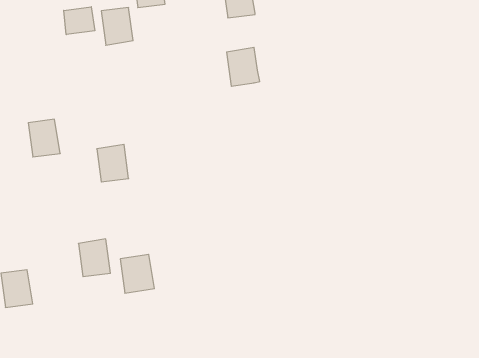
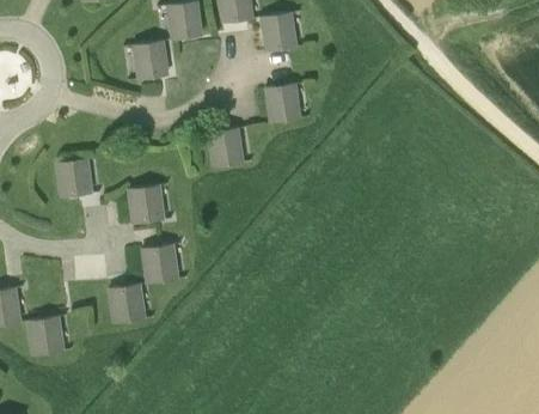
building: [64,7,95,35] -> none
building: none -> [208,128,241,168]
building: [120,254,154,293] -> [143,243,179,284]

